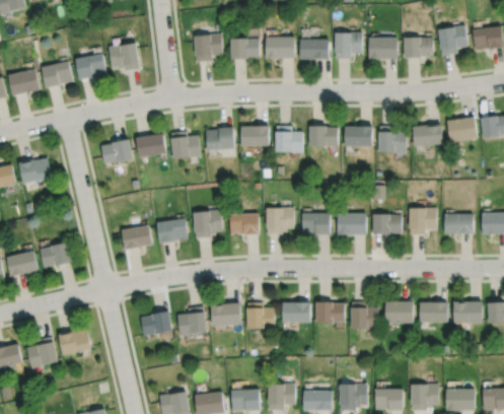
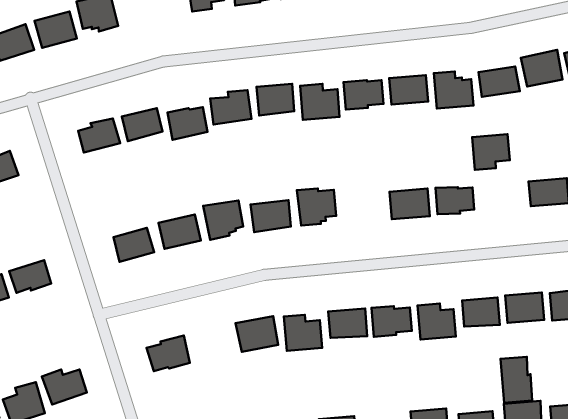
building: [409,208,436,233] -> [472,134,510,170]
building: [302,213,329,234] -> none
building: [177,306,207,336] -> none
building: none -> [501,357,532,403]

